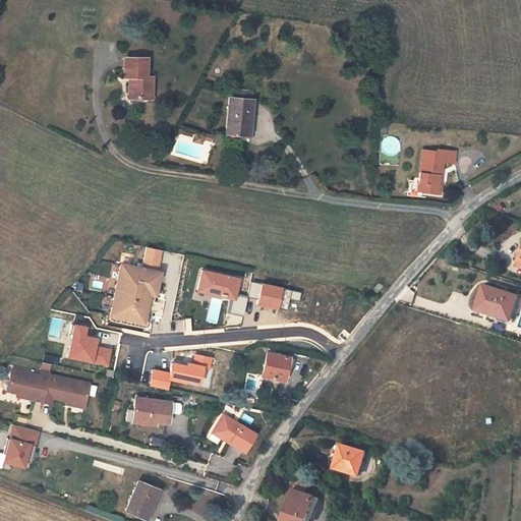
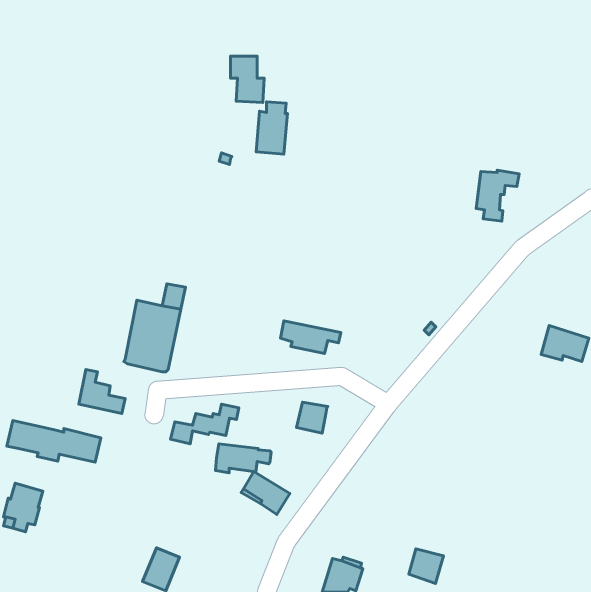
building: [124,58,154,99] -> [231,56,264,102]
building: [197,271,247,315] -> none
building: [132,398,181,423] -> [215,444,271,473]
building: [335,446,365,476] -> [409,549,444,584]

